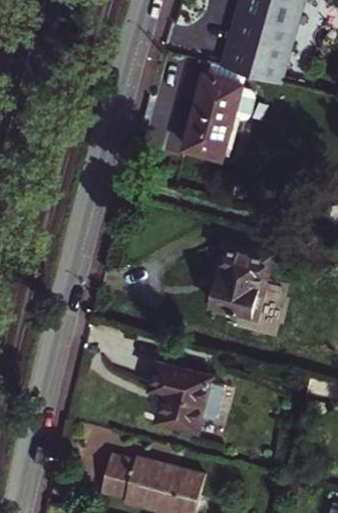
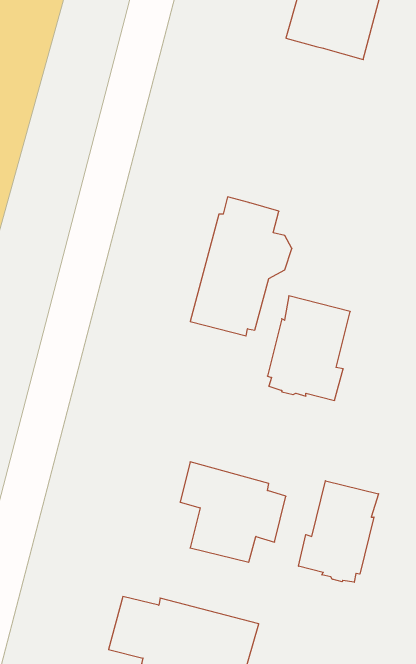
building: [182,60,253,158] -> [190,197,292,336]
building: none -> [299,481,379,582]

